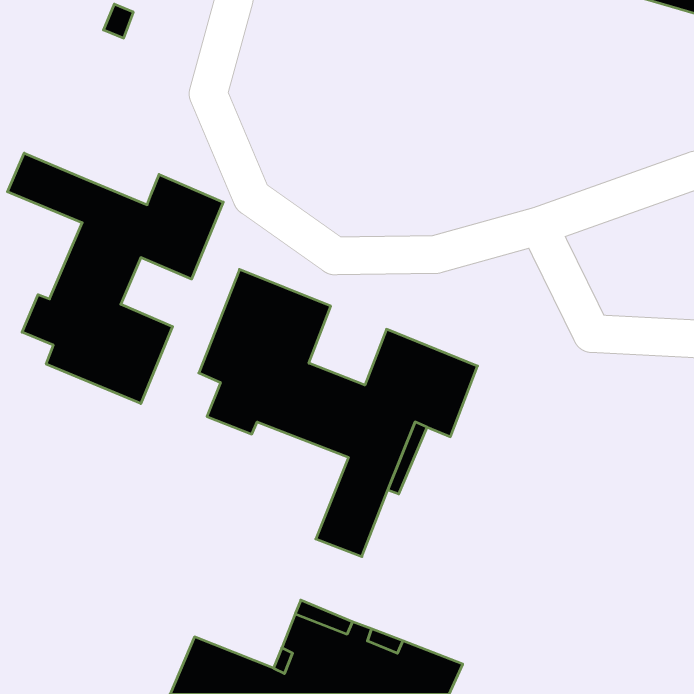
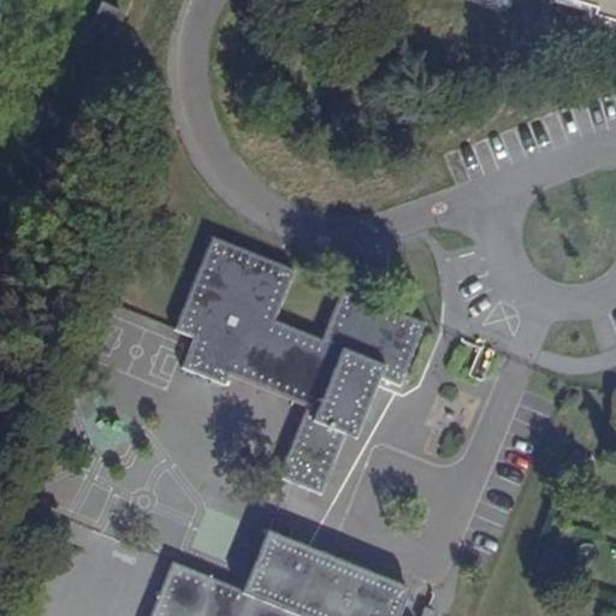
building: [7,153,223,404] -> none

